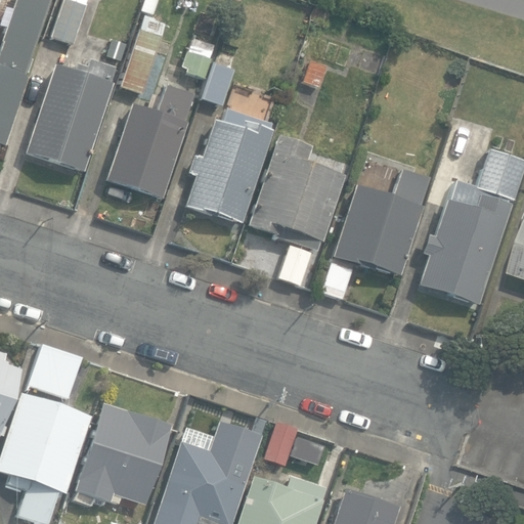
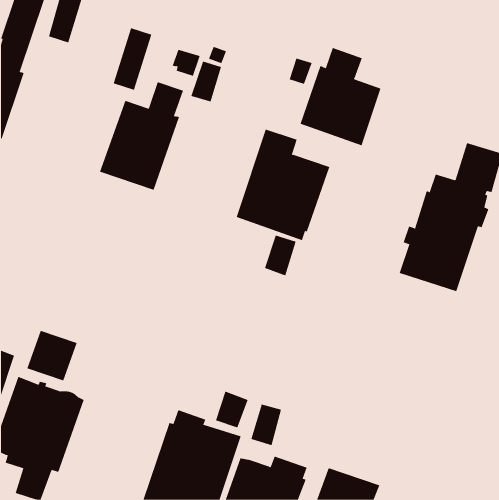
building: none -> [300,47,381,146]
building: [27,59,117,172] -> none
building: [185,108,272,222] -> none
building: [321,169,430,300] -> none
building: [75,403,171,505] -> none

